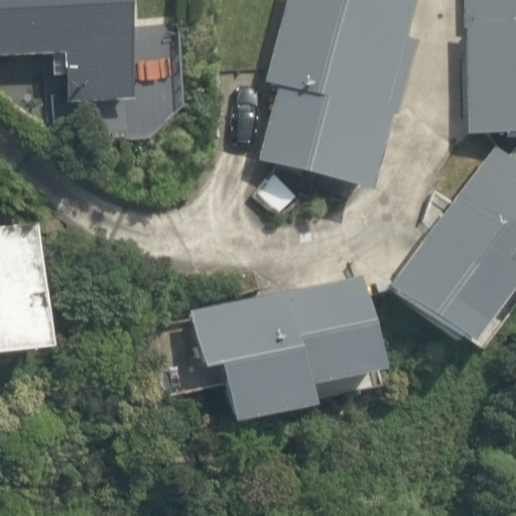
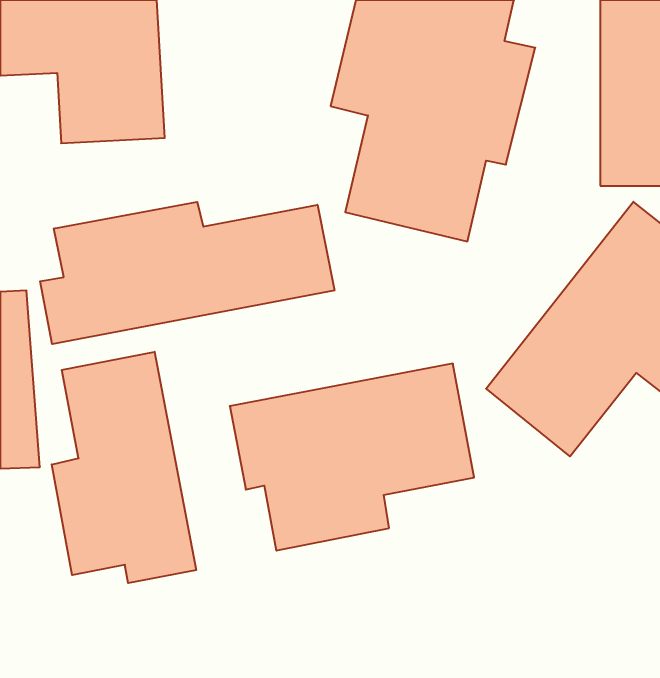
building: none -> [40,202,334,344]
building: none -> [52,352,196,583]

